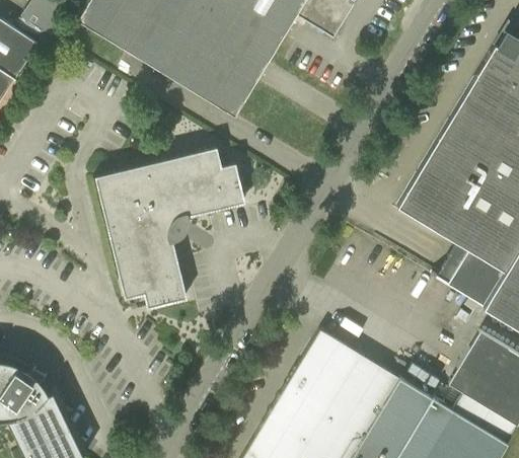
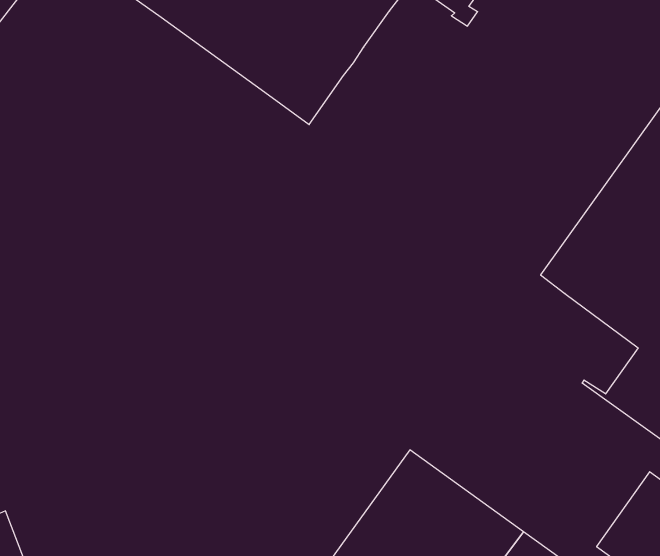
building: [94,146,246,308] -> none

